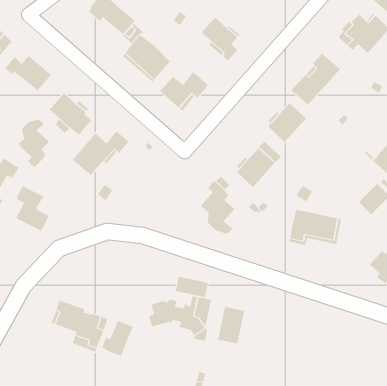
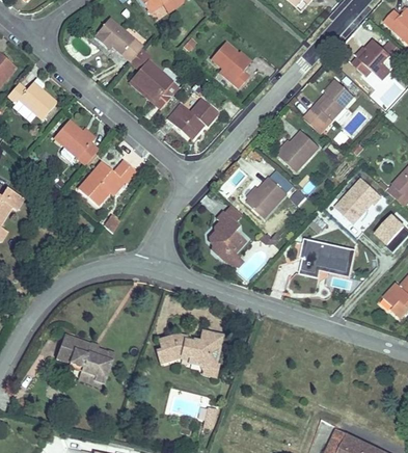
building: [17,118,50,168] -> none
building: none -> [331,177,380,224]
building: [15,185,49,231] -> none
building: [175,276,208,298] -> none
building: [218,306,245,344] -> none
building: [101,320,133,357] -> none

